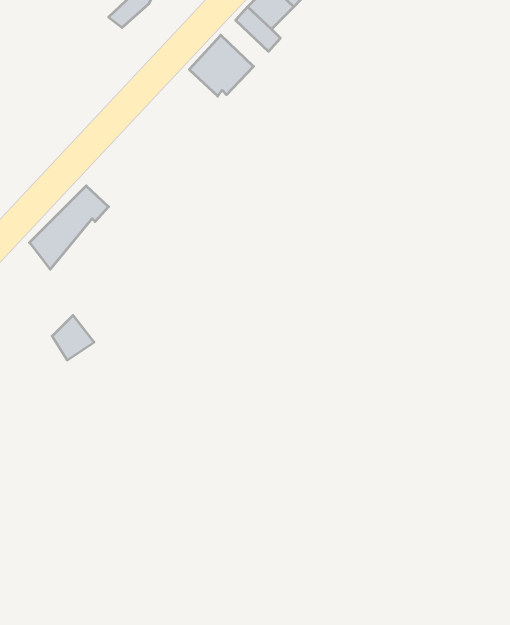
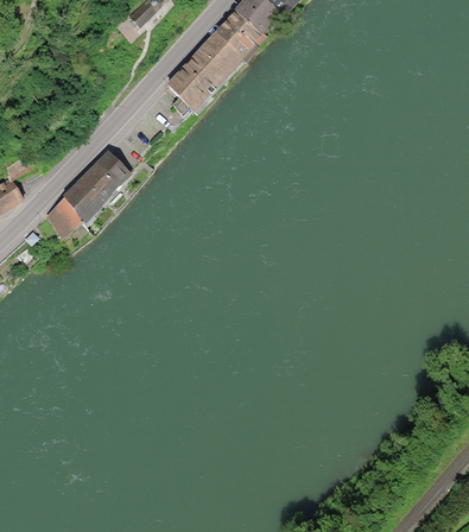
building: none -> [217,23,255,59]
building: none -> [165,62,215,113]
building: [52,315,94,360] -> [49,200,82,235]

